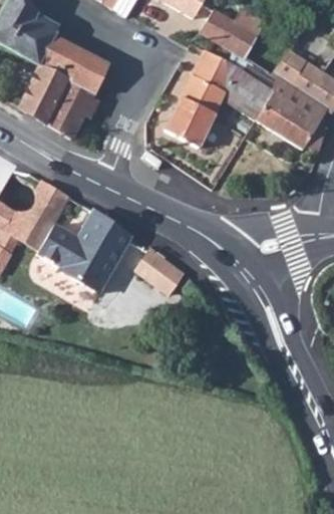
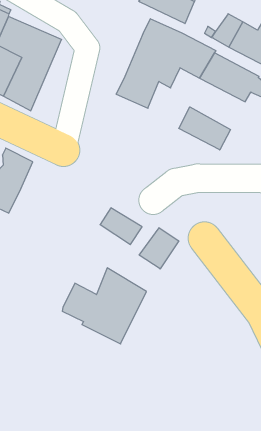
building: none -> [179,107,230,150]
building: [38,208,130,291] -> [62,268,146,344]
building: none -> [139,228,179,269]

